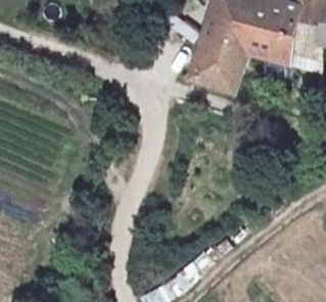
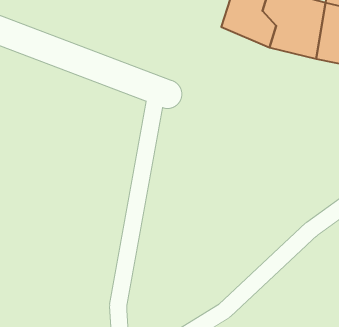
building: [191,28,250,95] -> none

